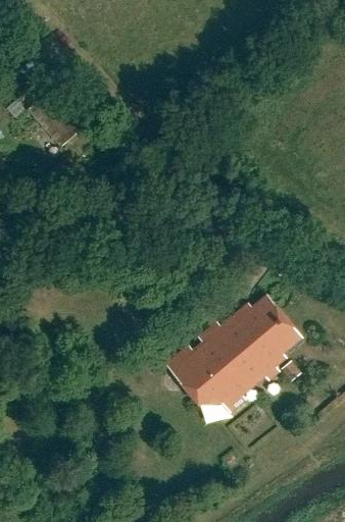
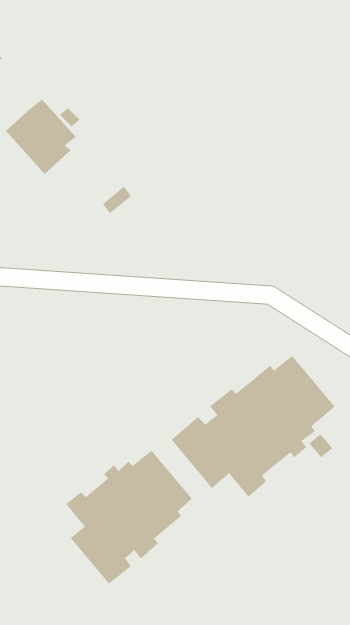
building: none -> [65,450,193,584]

